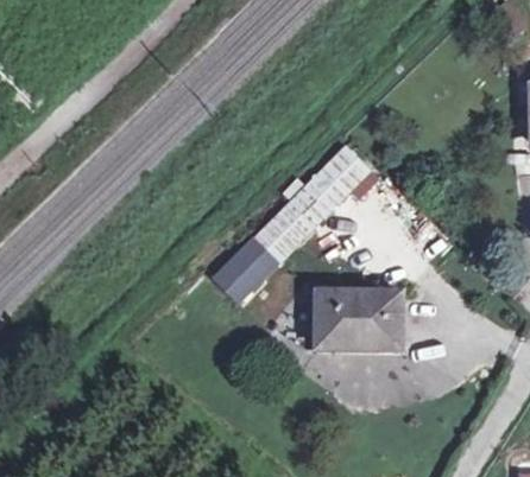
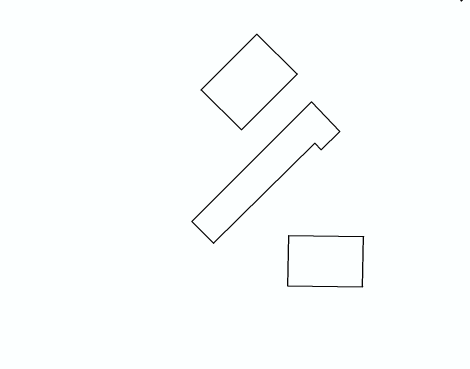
building: none -> [201,34,297,130]

